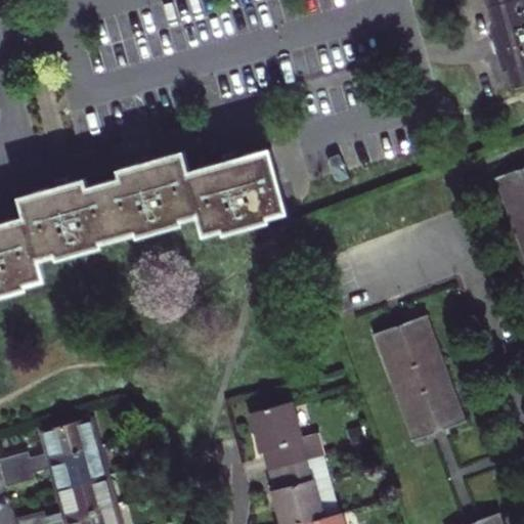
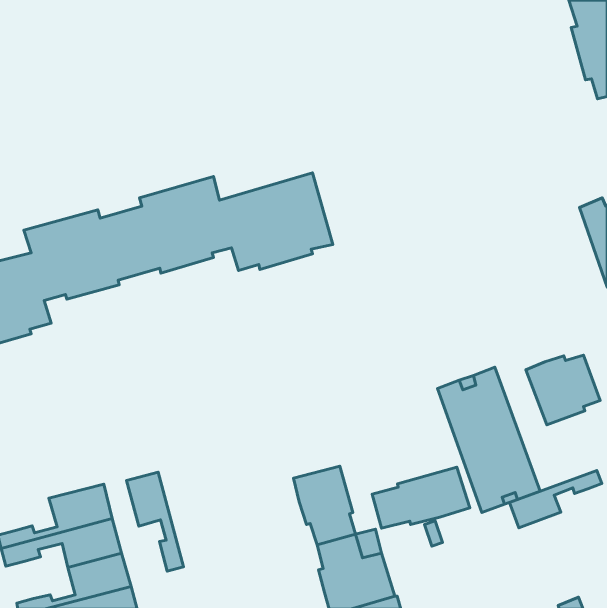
building: none -> [526,355,600,425]
building: none -> [372,467,470,528]
building: none -> [510,471,602,528]
building: none -> [127,472,184,571]

